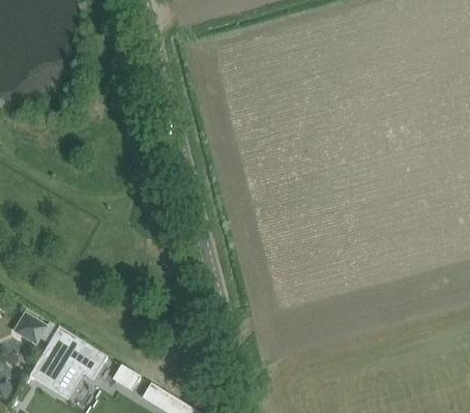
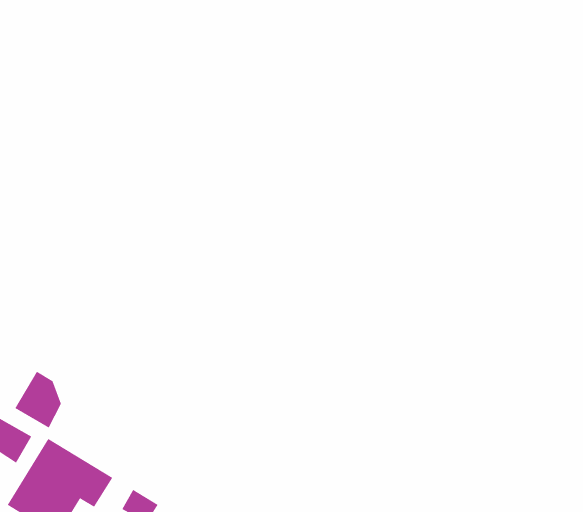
building: none -> [14,371,61,429]

